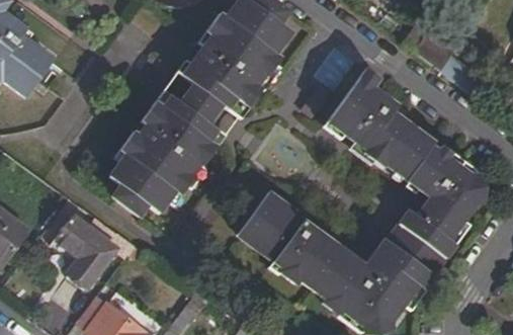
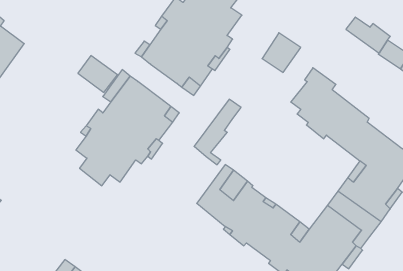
building: [327,65,378,137] -> [194,99,241,165]
building: [177,82,221,122] -> [78,56,118,92]
building: [56,213,121,288] -> none

